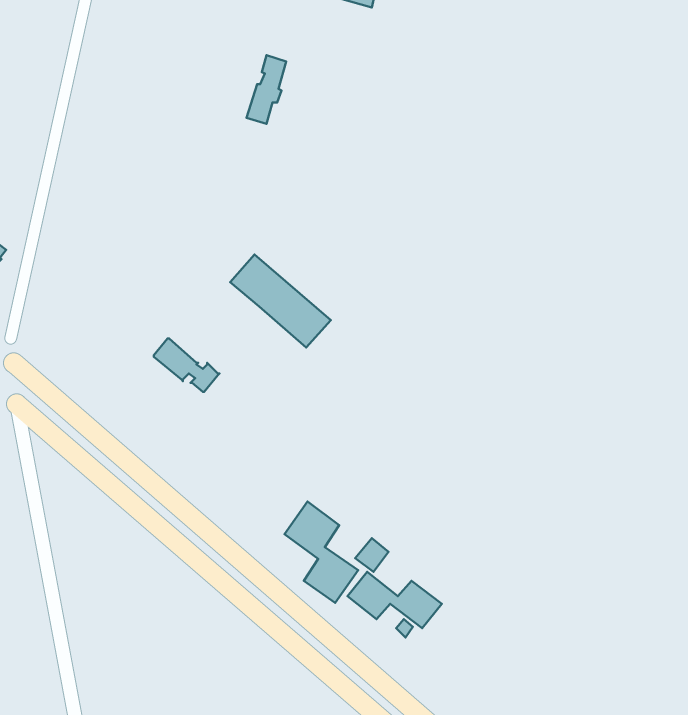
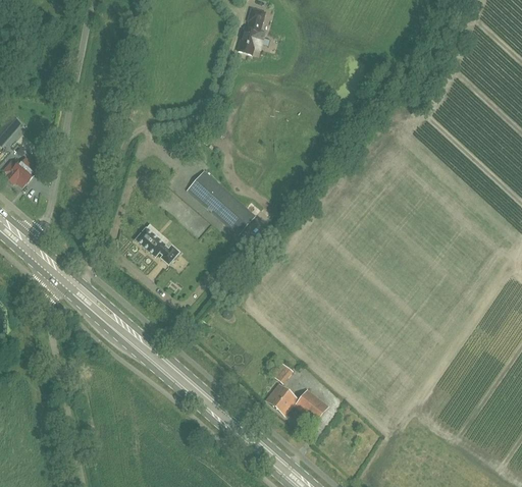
building: [247,55,286,124] -> [238,7,264,53]
building: [285,501,358,603] -> none

